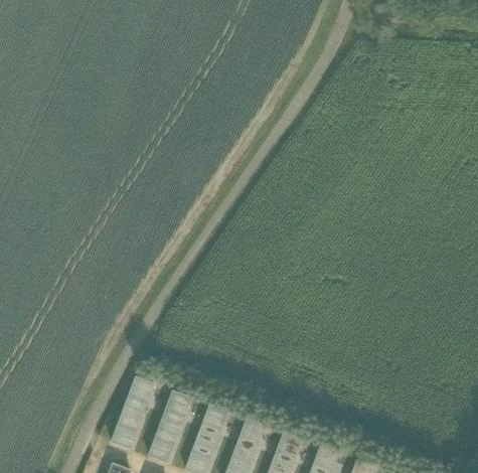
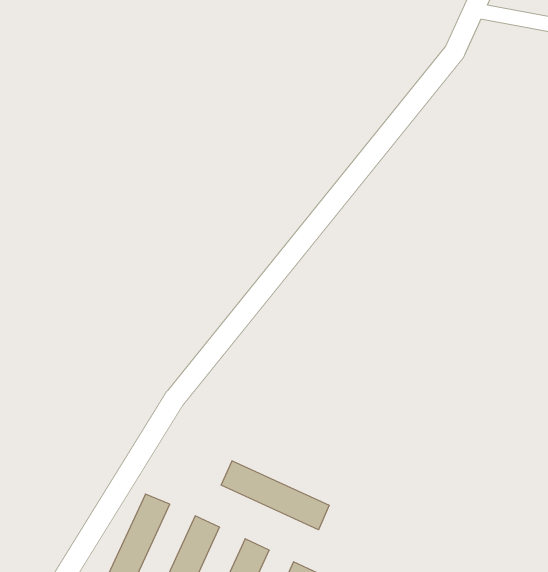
building: none -> [221,461,329,530]

